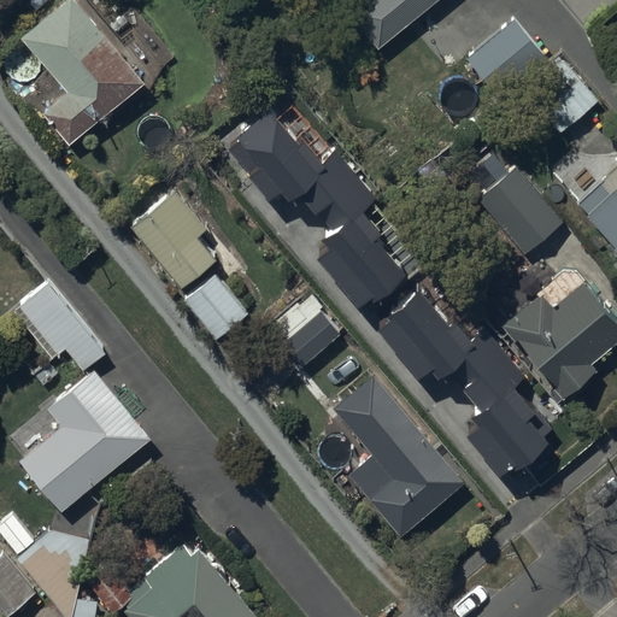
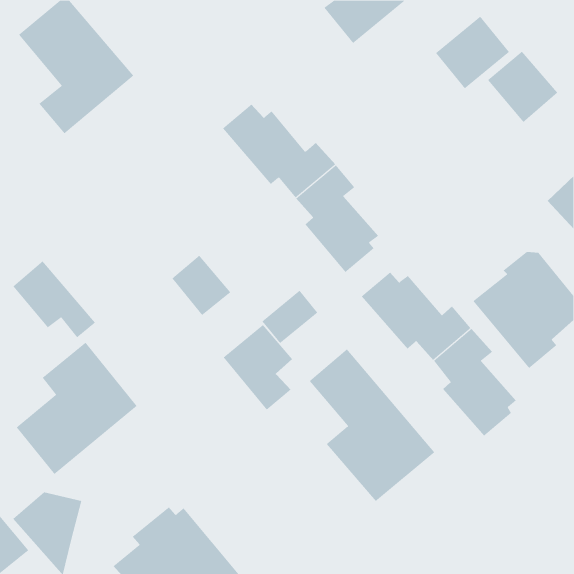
building: [476,168,560,254] -> none
building: [129,190,216,289] -> none
building: none -> [223,324,293,411]

